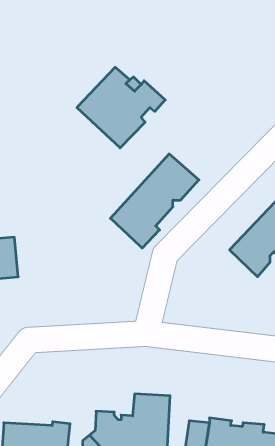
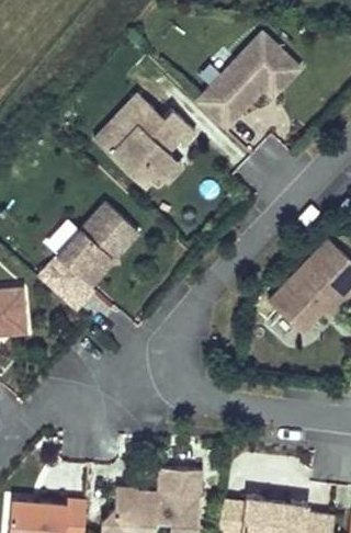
building: none -> [195,32,298,129]
building: [110,154,199,248] -> [37,203,138,310]

